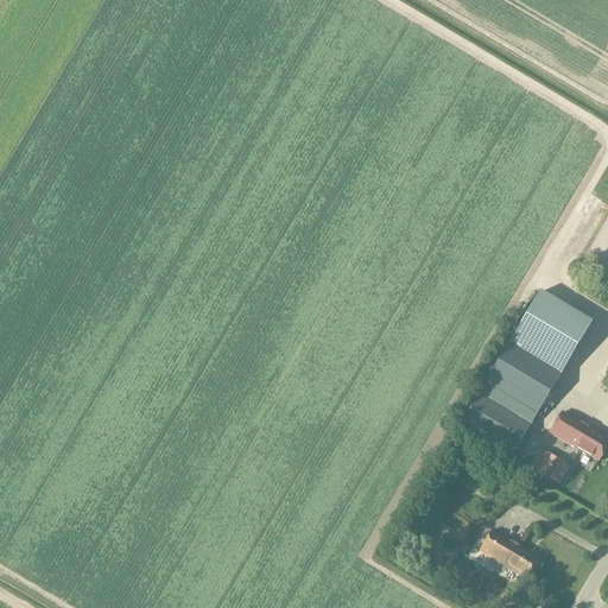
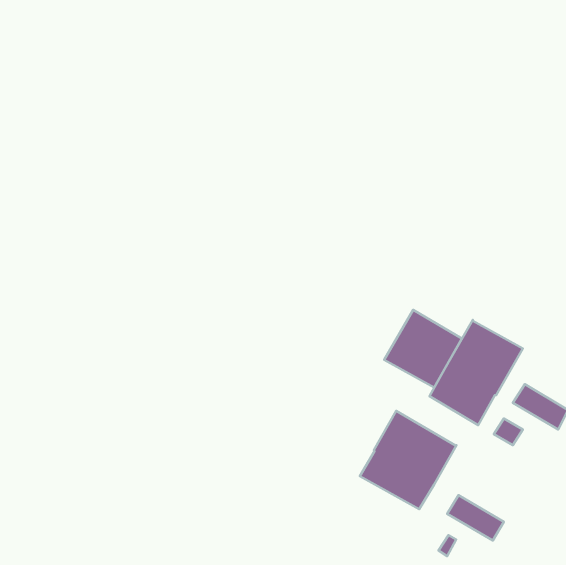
building: [507,290,590,373] -> [384,310,462,387]
building: none -> [360,411,456,509]

